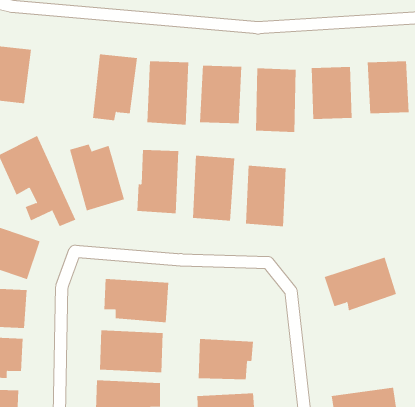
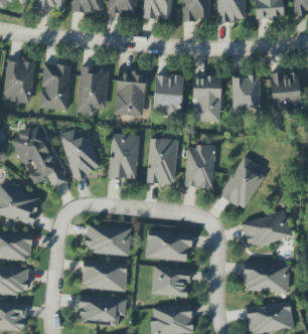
building: none -> [40,63,70,110]
building: none -> [220,156,264,210]
building: none -> [146,230,192,261]
building: none -> [244,263,289,292]

